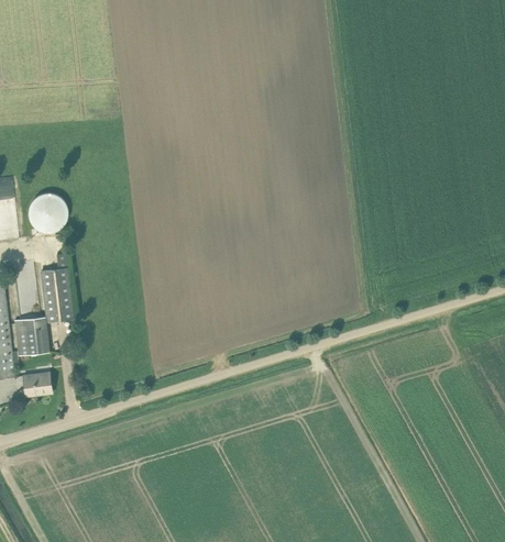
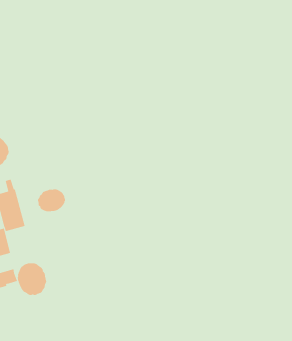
building: none -> [38,188,66,212]
building: none -> [17,263,47,296]

